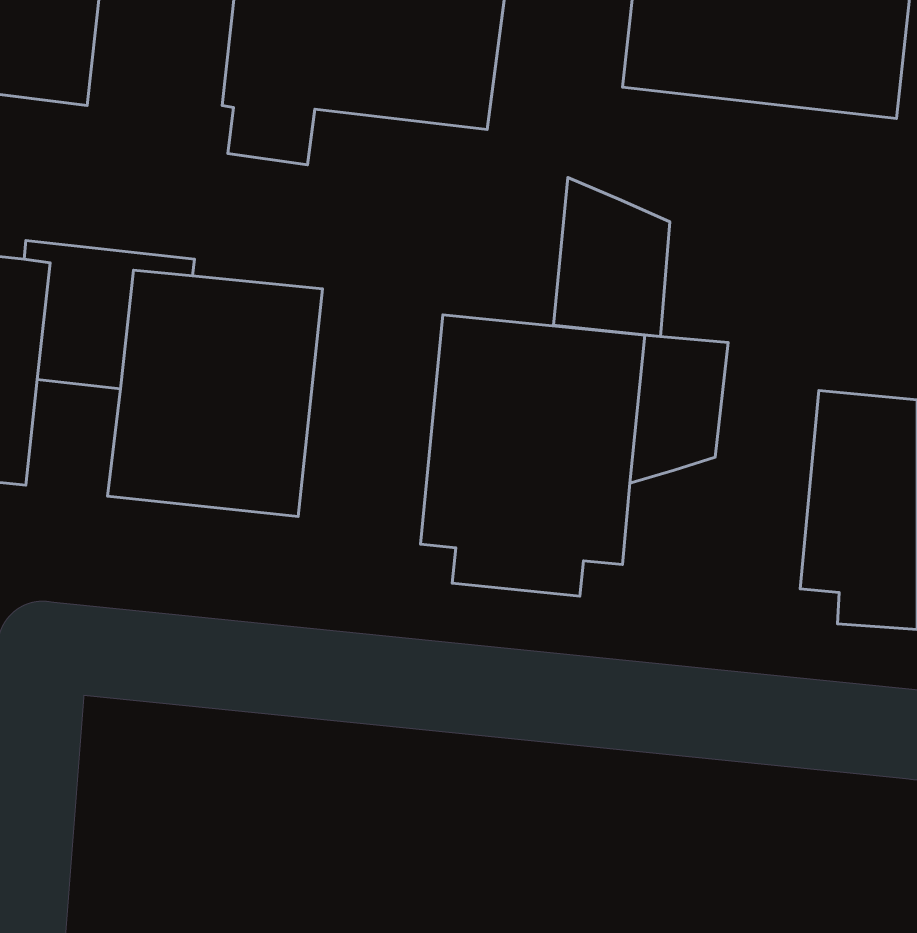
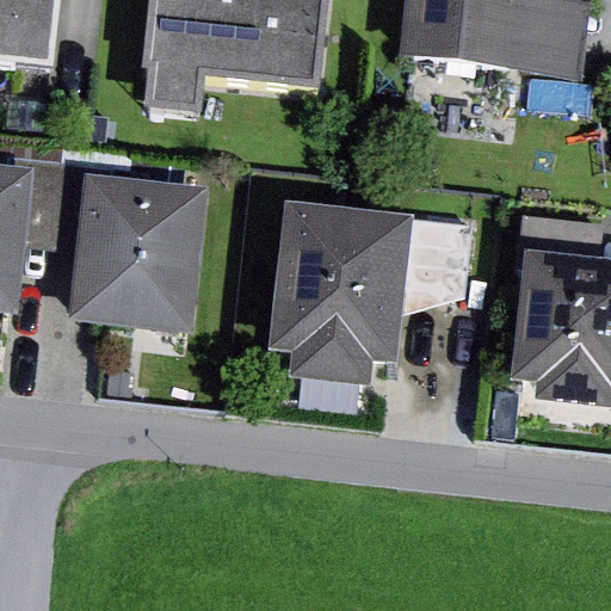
building: [554,178,670,336] -> none

